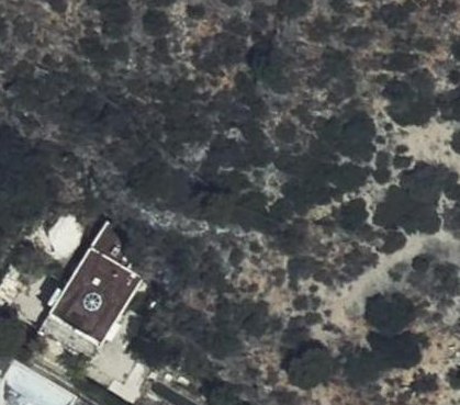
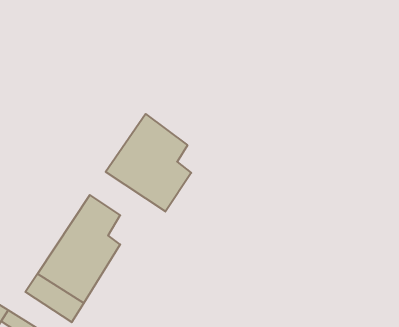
building: none -> [106,114,191,212]

